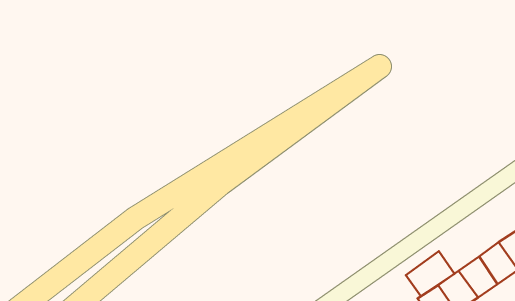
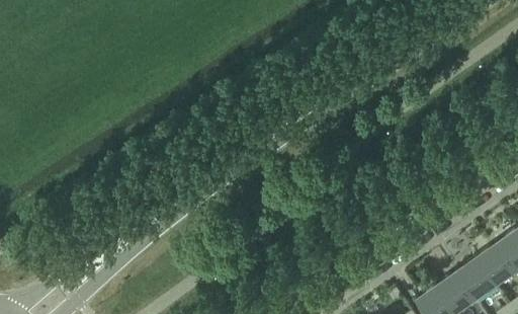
building: [406,251,455,296] -> none

